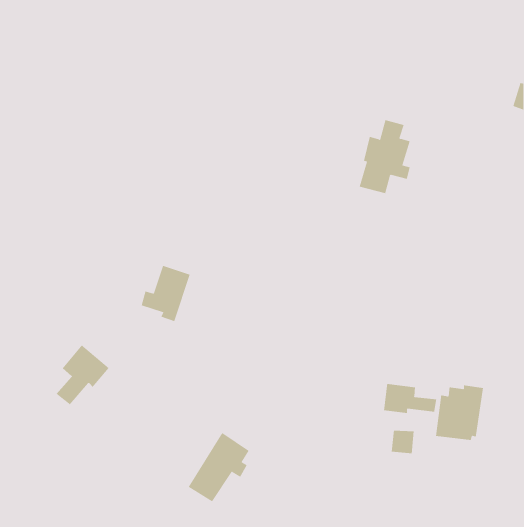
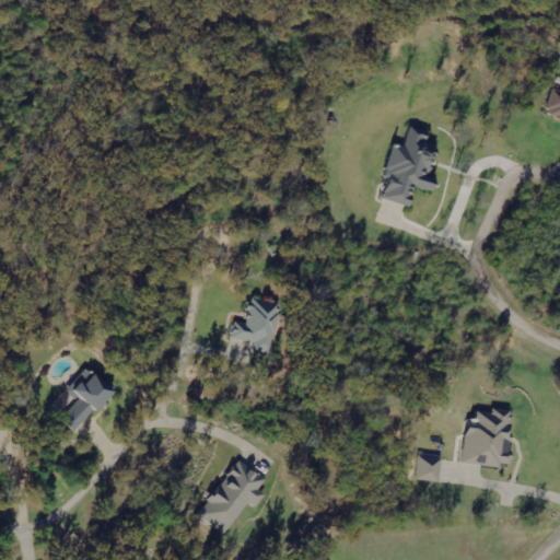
building: [141,265,190,322] -> [230,293,282,353]
building: [384,383,437,414] -> none

